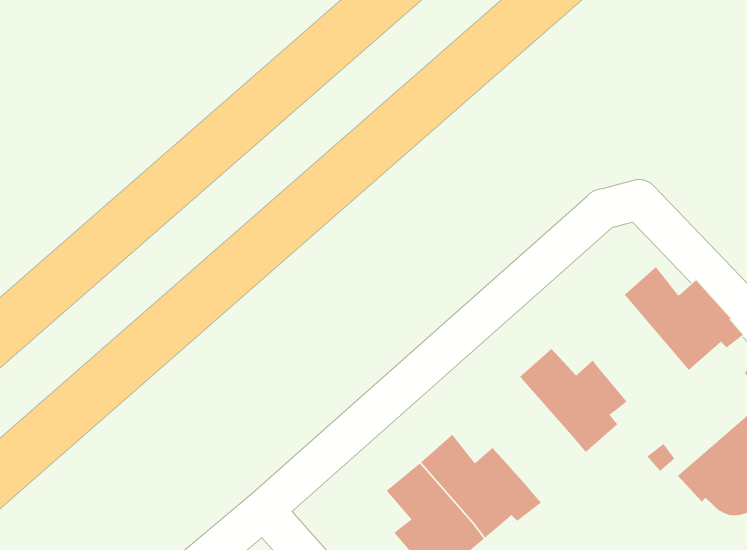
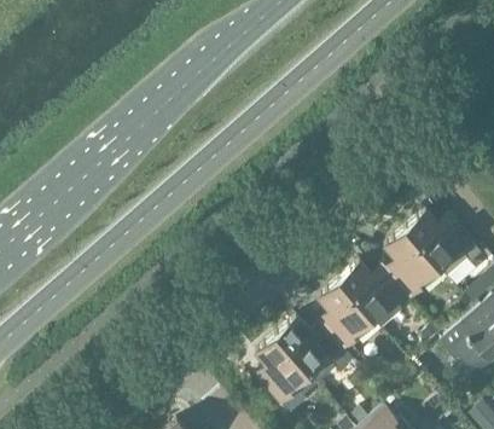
building: none -> [382,230,437,301]
building: none -> [316,282,371,352]

